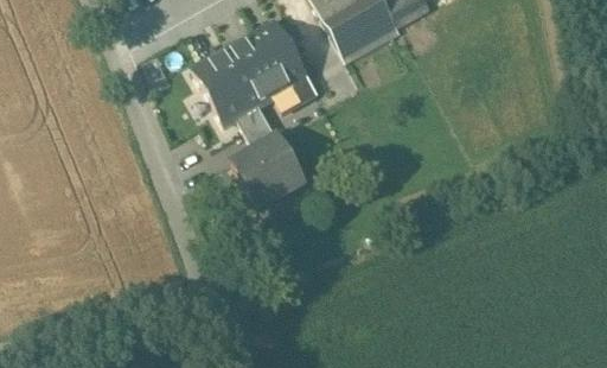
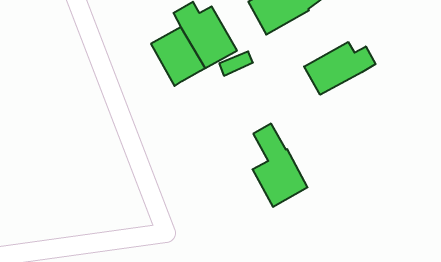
building: none -> [304,42,376,95]
building: [234,102,304,208] -> [252,124,308,207]

